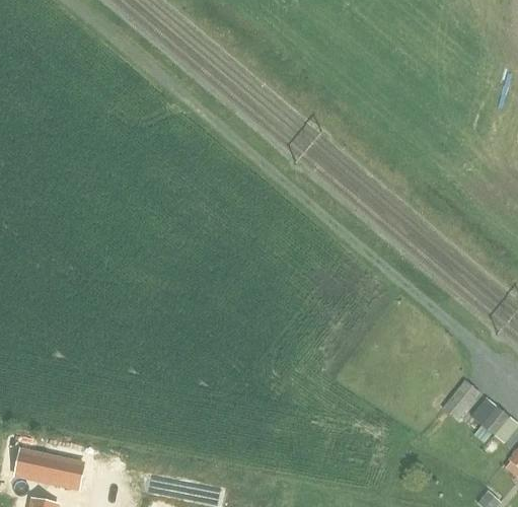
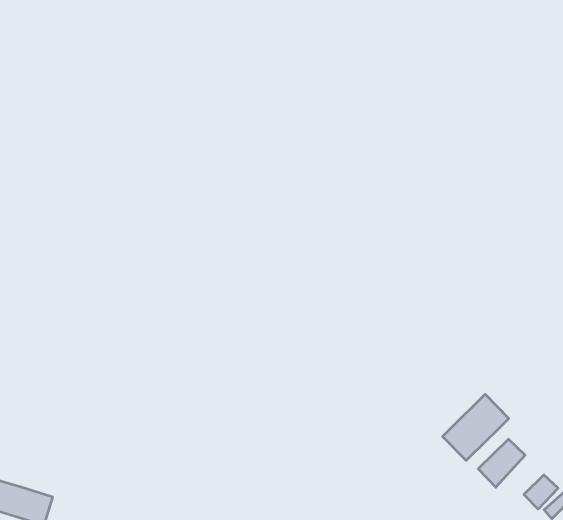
building: none -> [443,394,509,460]

